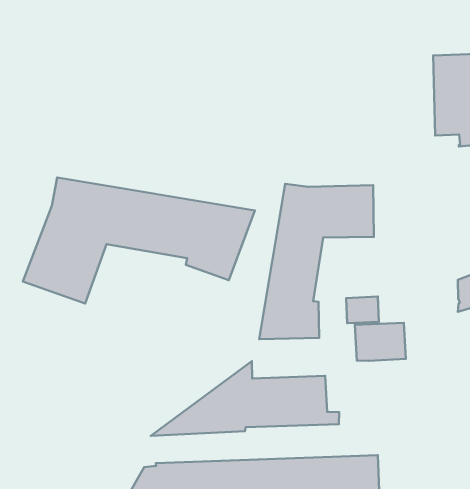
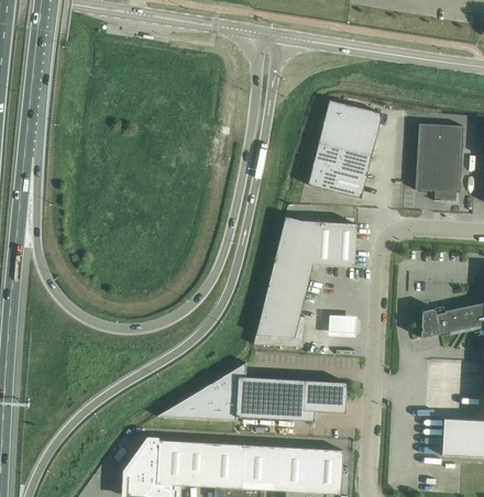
building: none -> [308,99,383,197]
building: [23,178,255,303] -> none
building: [355,323,406,361] -> [305,379,346,411]

